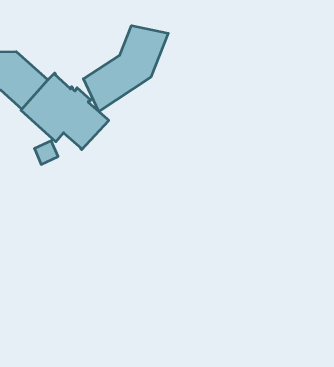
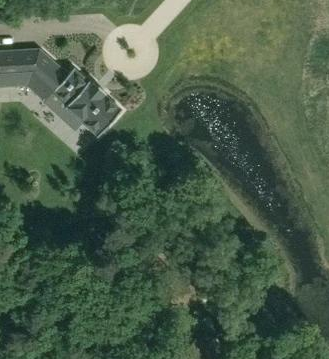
building: [83,26,168,111] -> none

